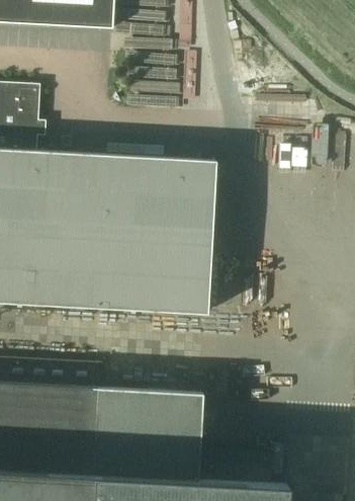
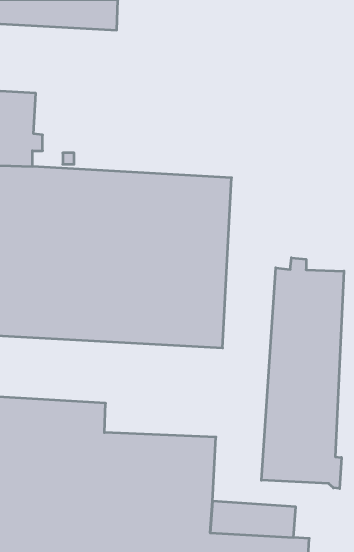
building: none -> [261,258,344,489]

